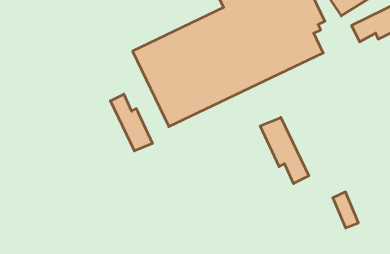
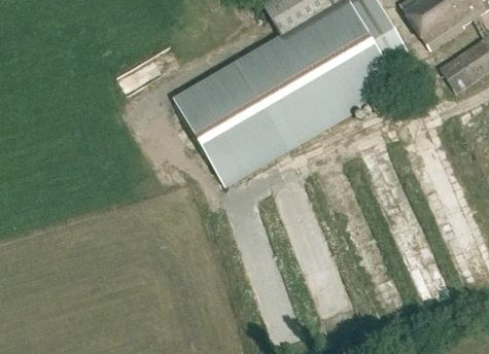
building: [110,94,152,151] -> none
building: [260,117,309,184] -> none

